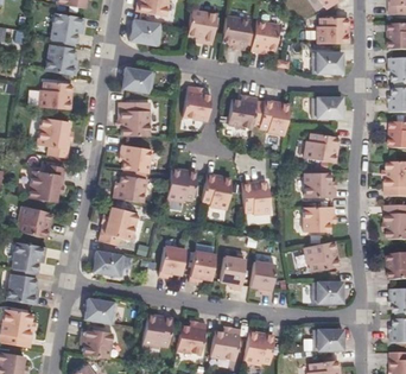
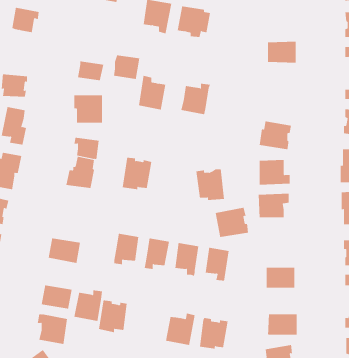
building: [318,18,349,44] -> none
building: [129,20,157,45] -> [113,55,140,79]
building: [252,21,280,52] -> none
building: [50,40,76,76] -> none
building: [311,94,341,118] -> none
building: [252,99,288,132] -> none
building: [202,175,230,209] -> none
building: [97,215,129,248] -> none
building: [305,241,340,272] -> [215,207,249,237]
building: [177,323,207,355] -> [74,290,103,321]

